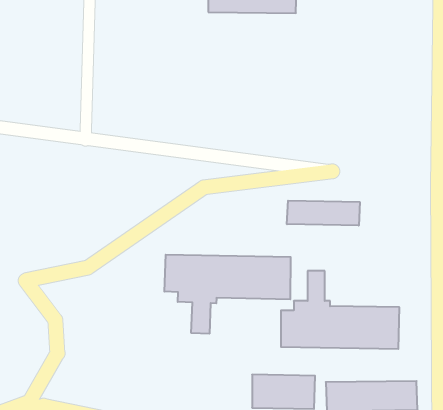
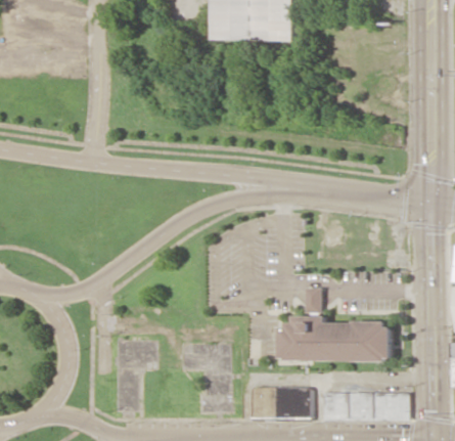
building: [287,201,360,226] -> none
building: [164,255,291,334] -> none

